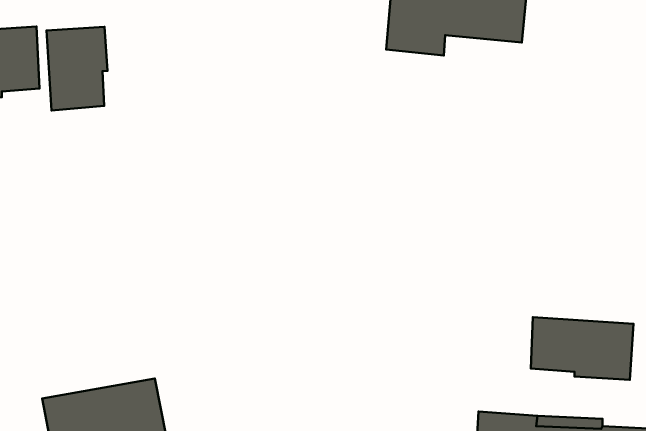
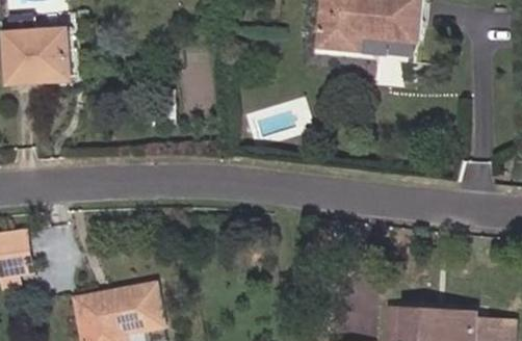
building: [46,27,107,110] -> none
building: [531,317,633,380] -> none

